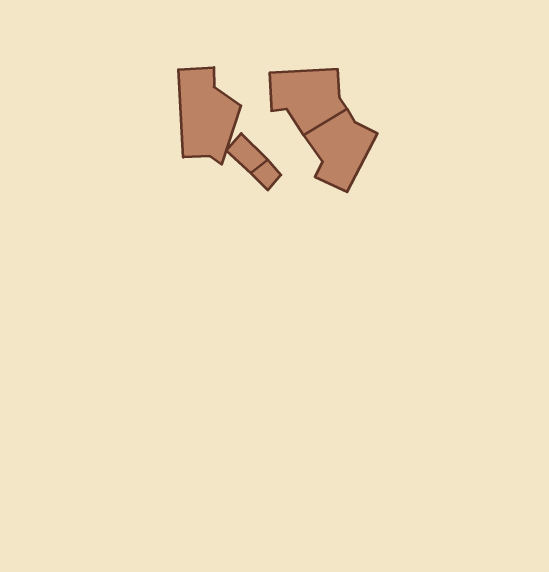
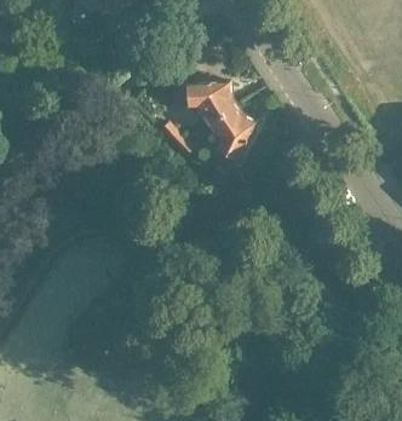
building: [178,67,241,164] -> none

